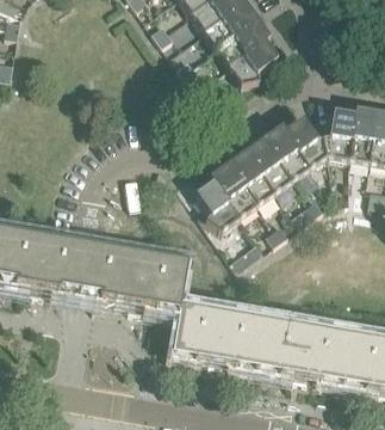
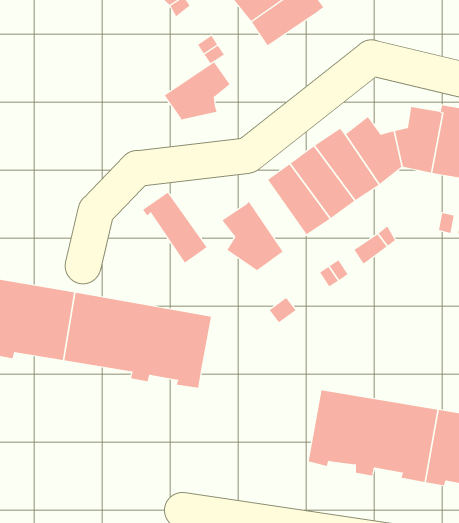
building: [230,37,279,80] -> [164,61,231,120]
building: [211,160,259,213] -> [142,192,207,264]
building: [173,300,269,367] -> none

